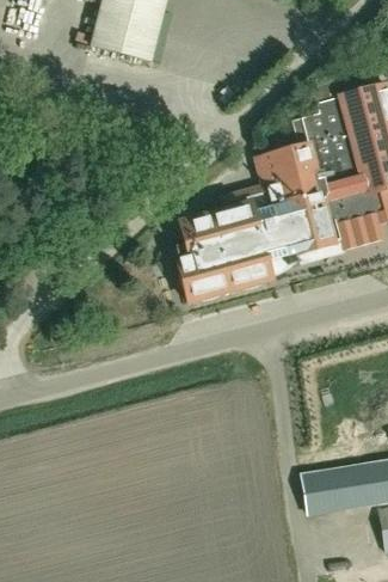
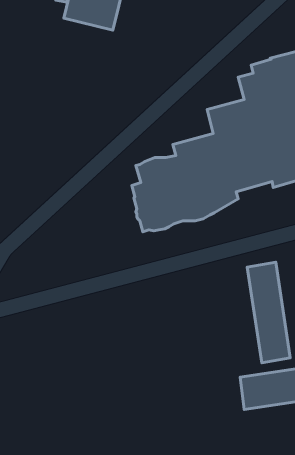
building: none -> [247,262,290,363]

